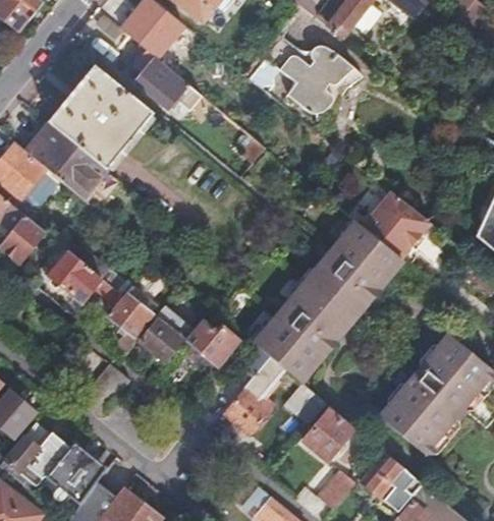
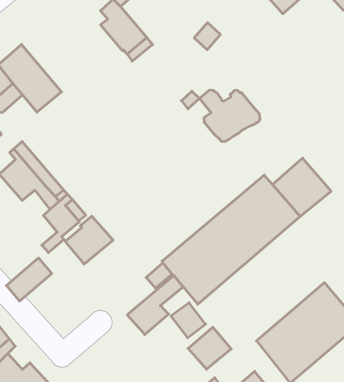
building: [279,49,353,111] -> [199,90,260,141]
building: [48,65,152,168] -> none
building: [177,319,236,373] -> none

